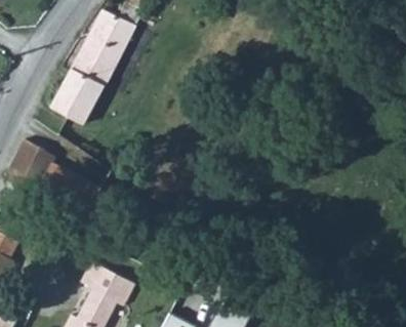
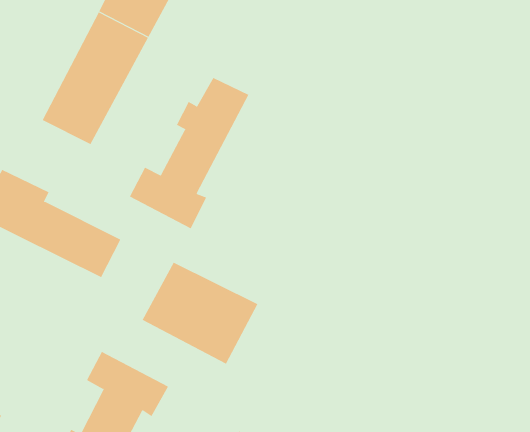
building: none -> [129,77,249,229]
building: none -> [142,262,258,364]

